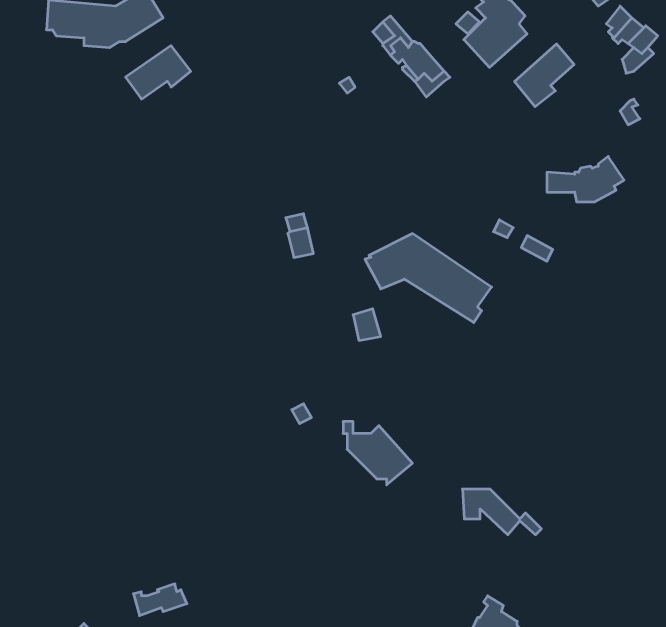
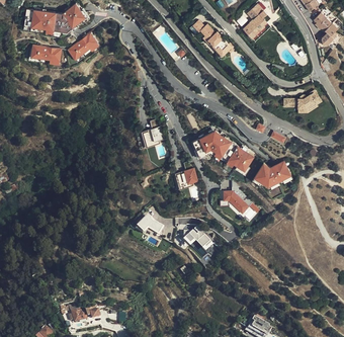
building: [515,44,574,107] -> none
building: none -> [30,45,62,64]
building: none -> [251,160,292,188]
building: [462,489,541,535] -> [219,190,259,214]

